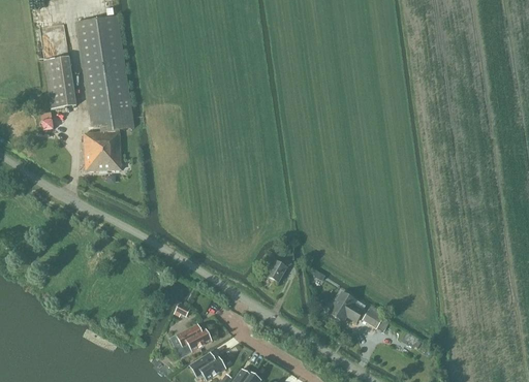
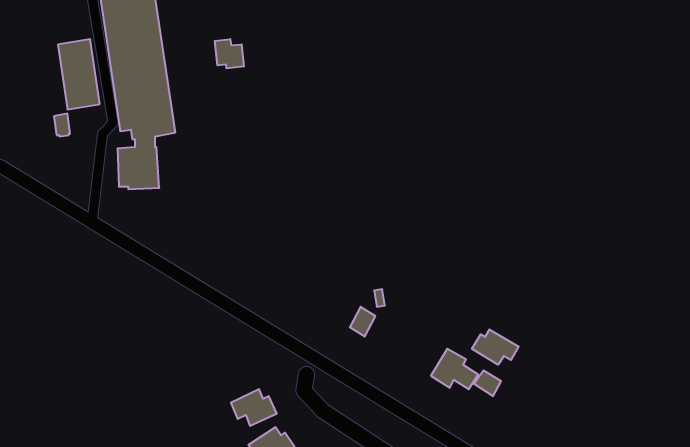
building: none -> [215,39,244,68]
building: none -> [472,329,519,365]

